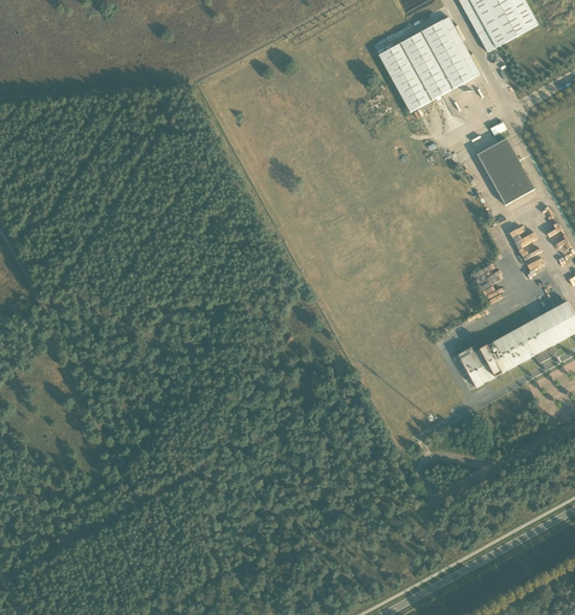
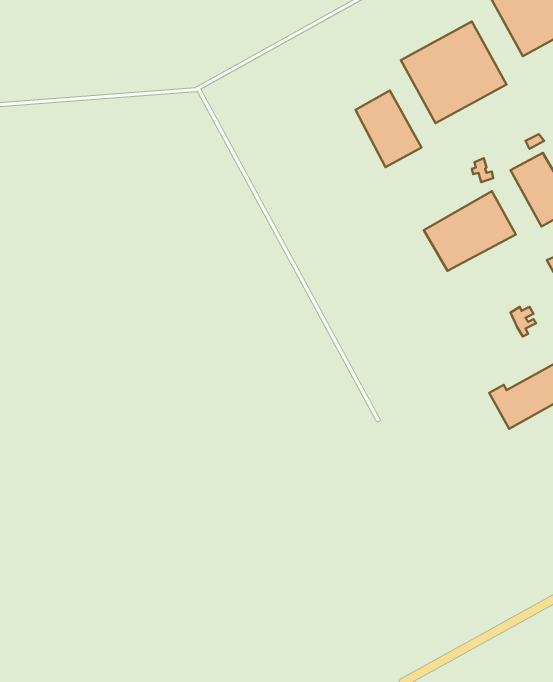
building: none -> [356,91,422,167]
building: none -> [424,191,516,271]

